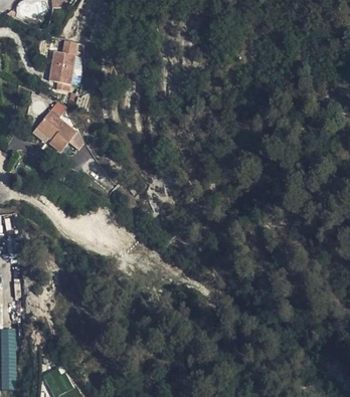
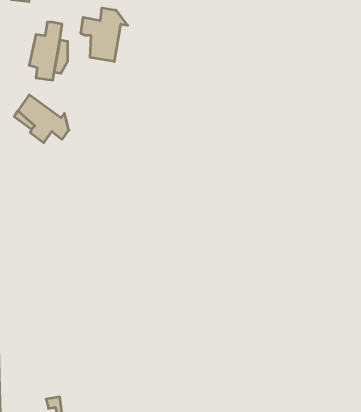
building: none -> [81,8,128,62]

